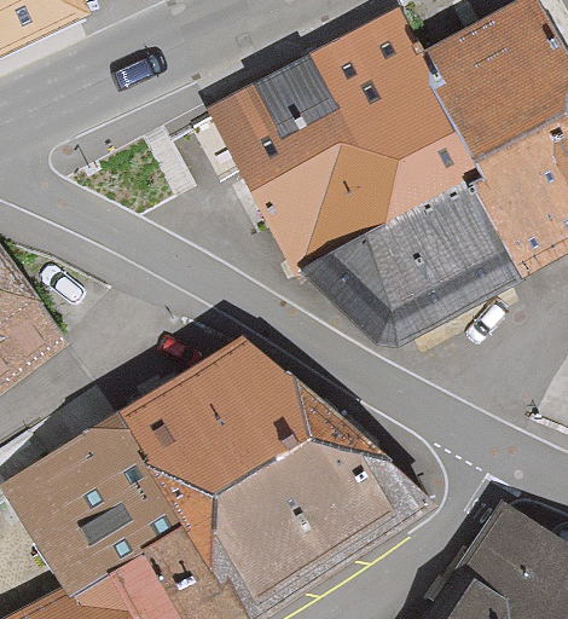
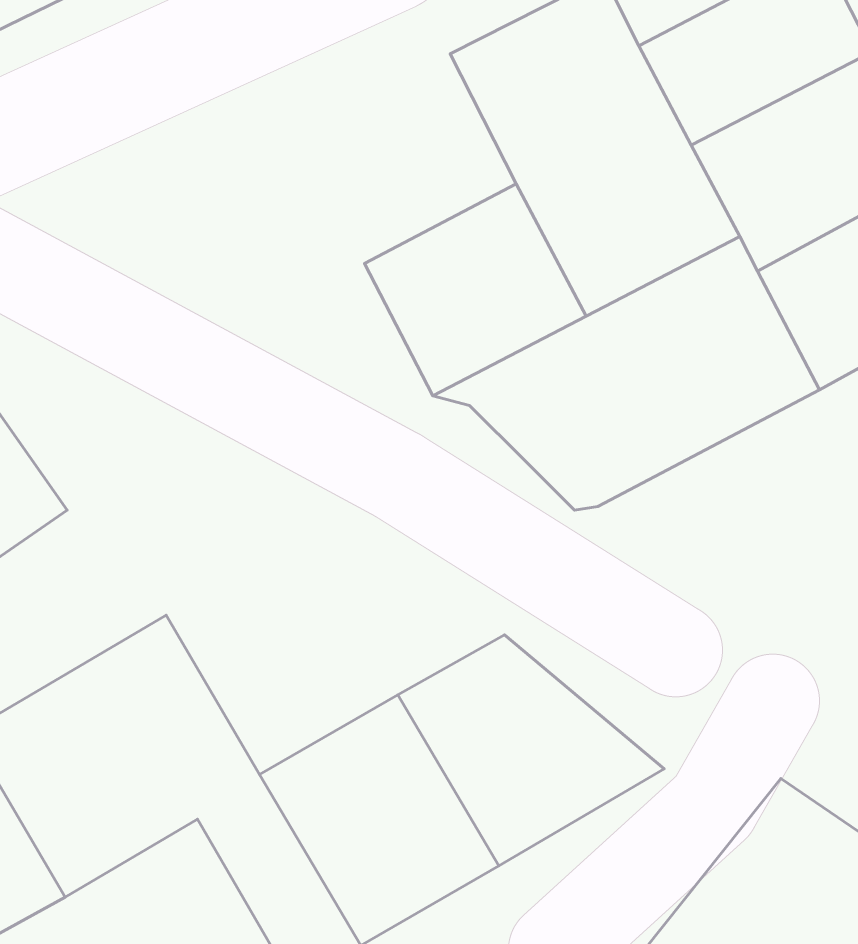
building: [208,57,344,187] -> none
building: [127,345,337,505] -> none

